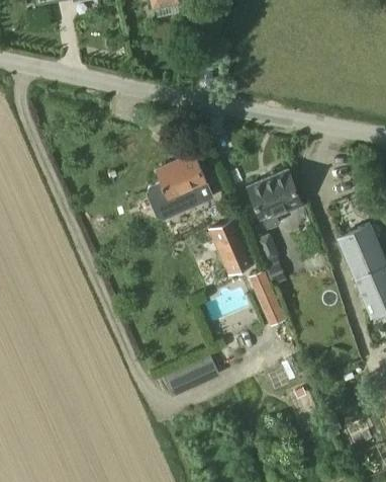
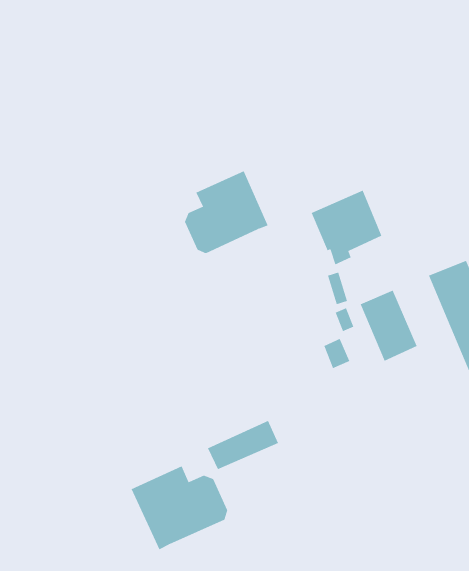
building: [208,219,254,275] -> [360,290,417,362]
building: none -> [131,466,228,550]

